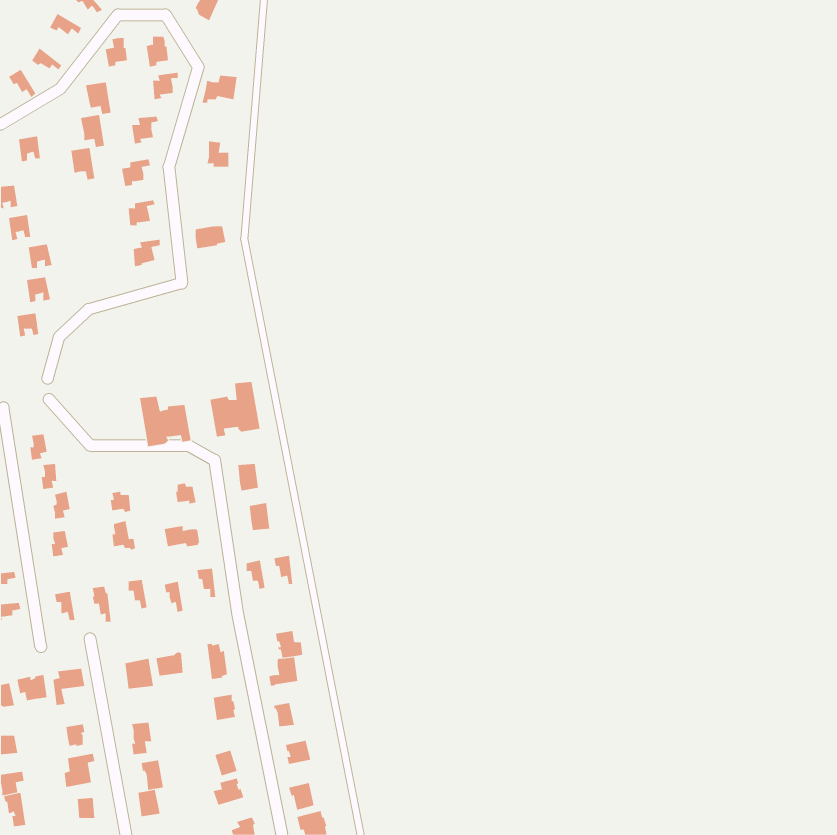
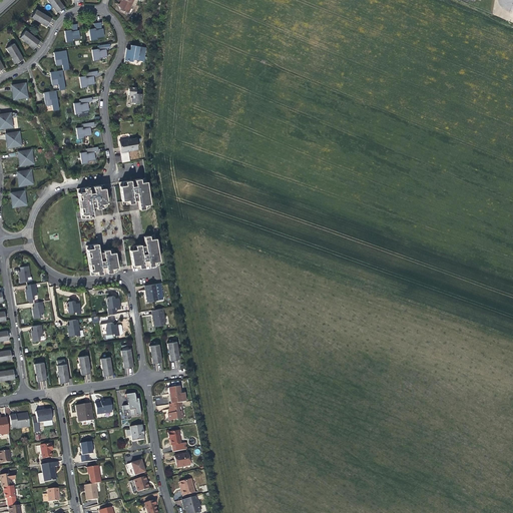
building: none -> [119,177,150,208]
building: none -> [77,183,107,217]

